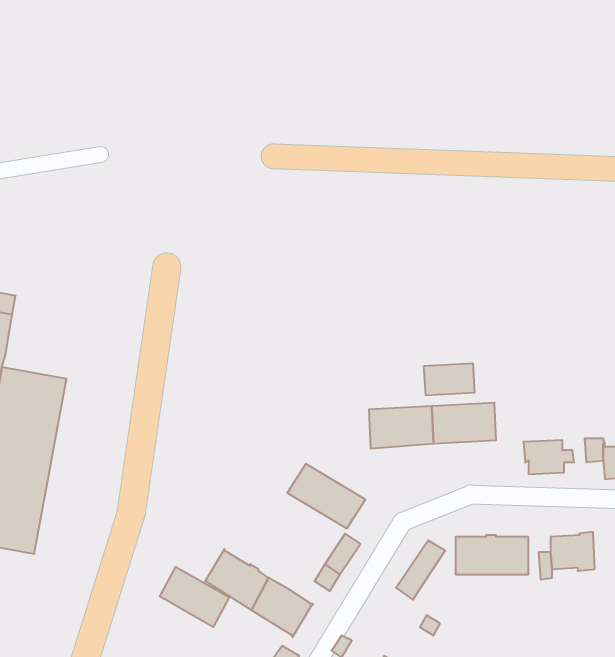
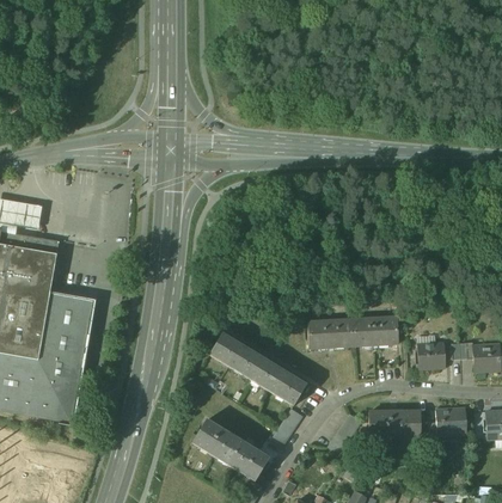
building: [424,363,475,395] -> none
building: none -> [209,335,263,380]
building: [160,567,229,627] -> none

